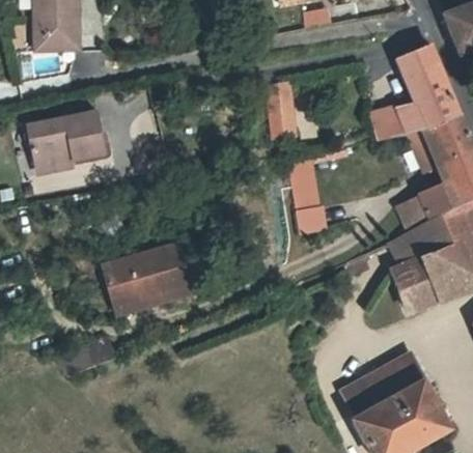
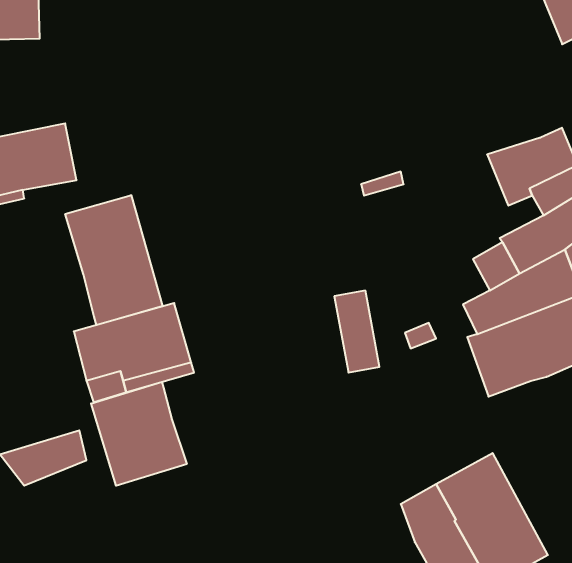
building: [371,45,462,140] -> none
building: [267,83,294,137] -> none
building: none -> [65,195,162,325]
building: [289,170,323,230] -> [334,291,379,373]
building: none -> [91,382,187,486]

